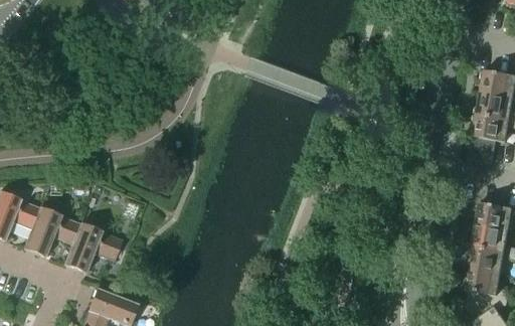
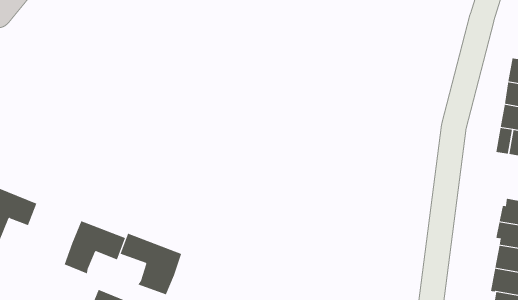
building: [24,206,81,257] -> none
building: none -> [120,233,182,295]

